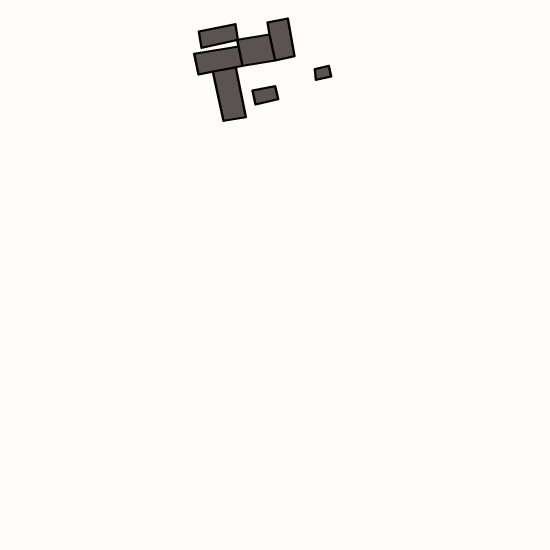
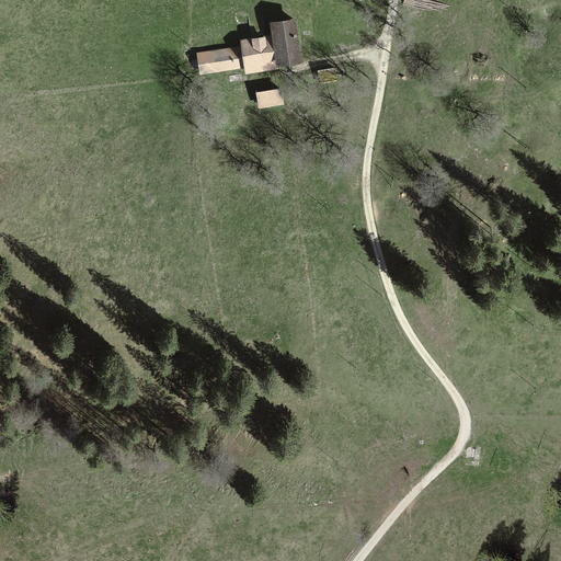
building: [199,24,238,48] -> none
building: [213,67,246,121] -> none

